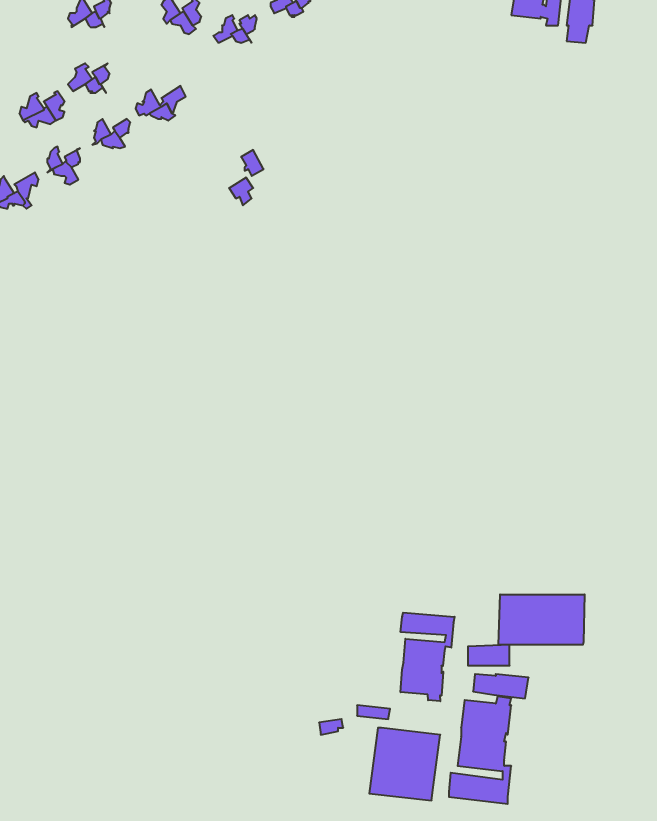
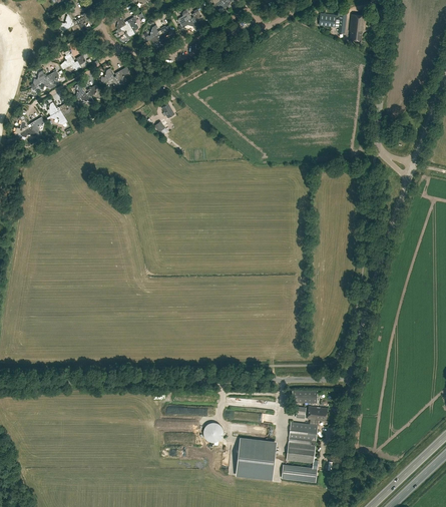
building: [499,594,585,645] -> none
building: [401,613,455,701] -> none

